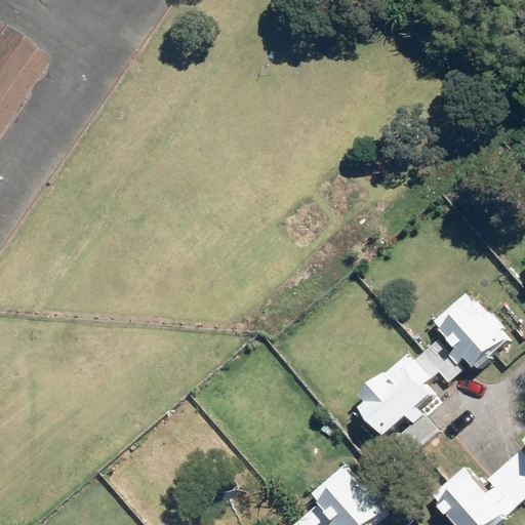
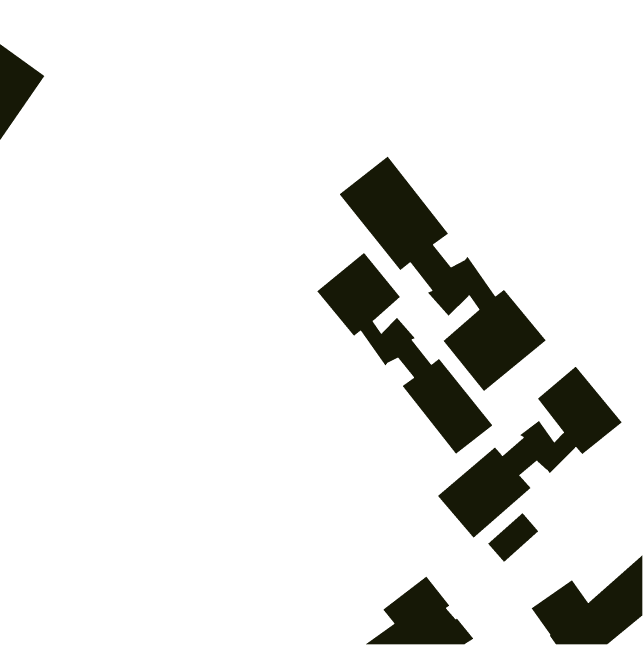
building: none -> [339,156,547,392]
building: none -> [316,252,494,455]

